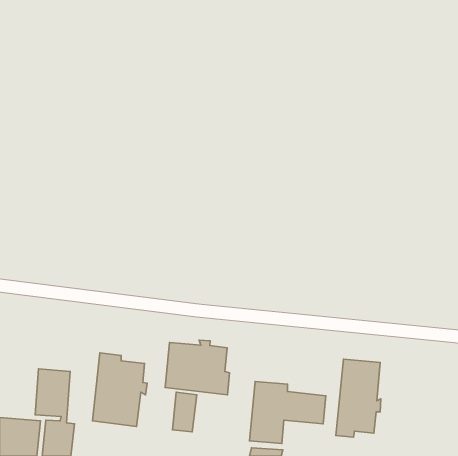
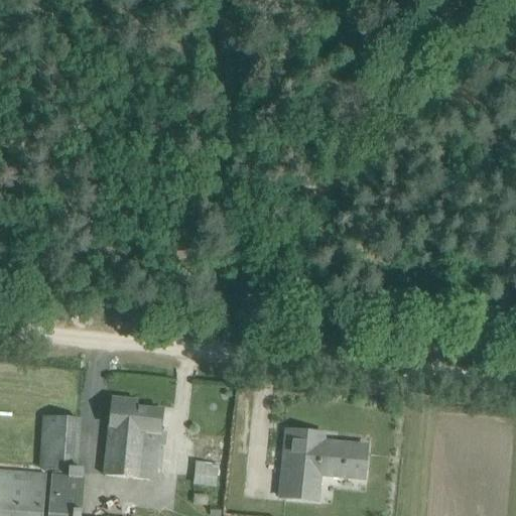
building: [165,340,229,395] -> none
building: [336,359,381,437] -> none

